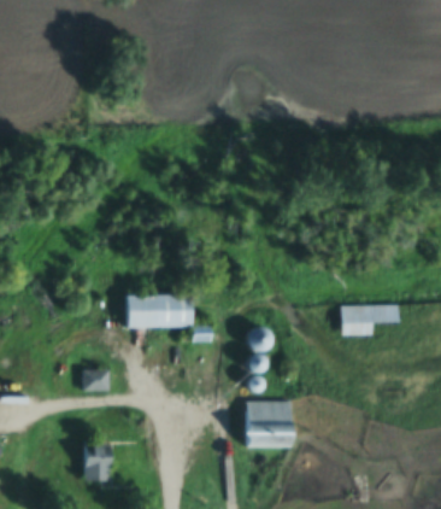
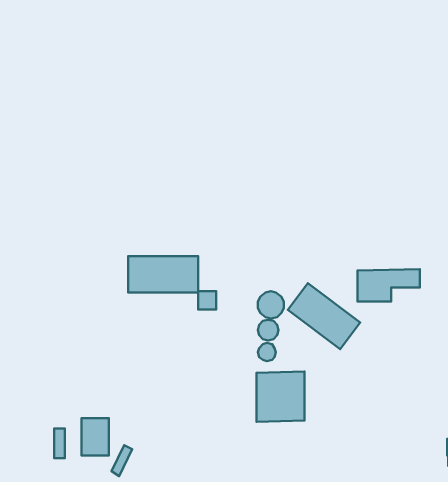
building: none -> [288,283,360,349]
building: [81,370,110,391] -> none

